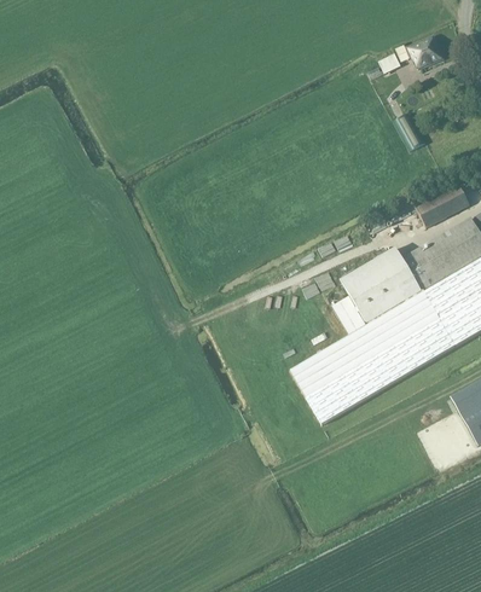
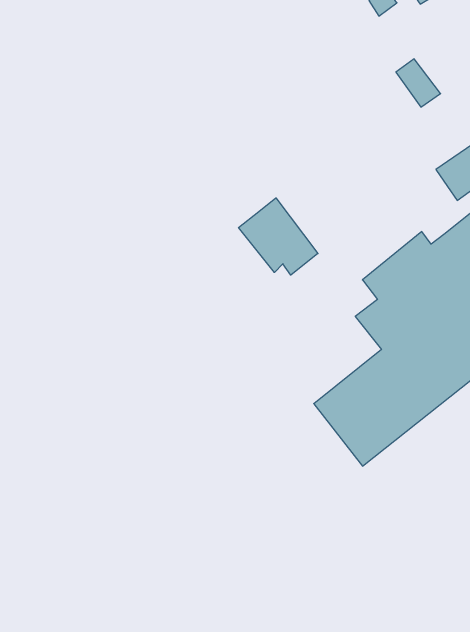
building: none -> [239,198,318,275]

